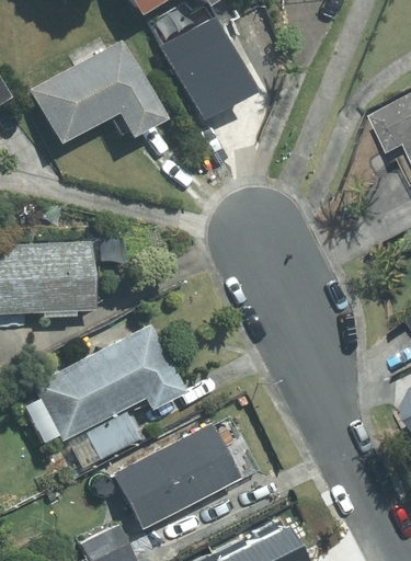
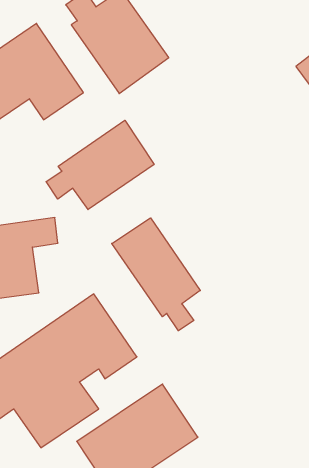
building: none -> [46,120,154,210]
building: none -> [112,218,200,331]

